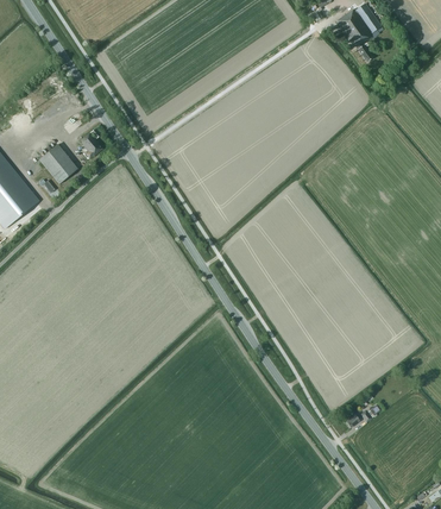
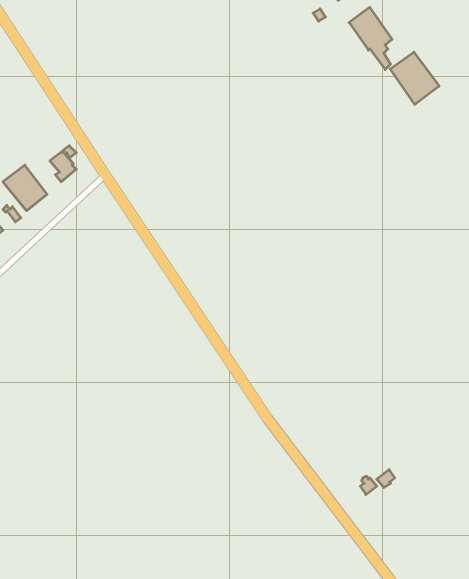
building: none -> [390,52,439,104]

